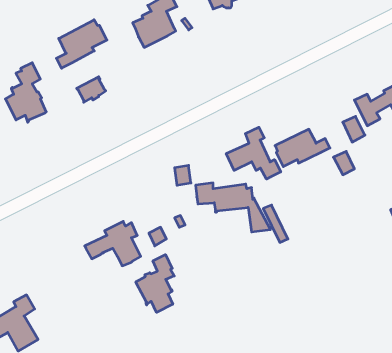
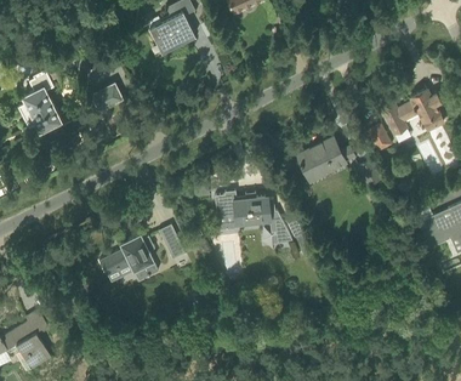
building: [56,20,107,68] -> none
building: [226,127,281,179] -> none
building: [136,255,174,312] -> none

